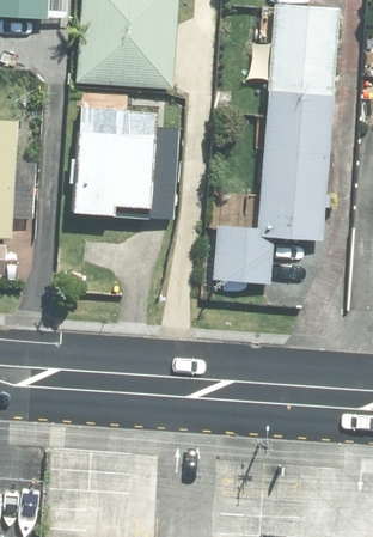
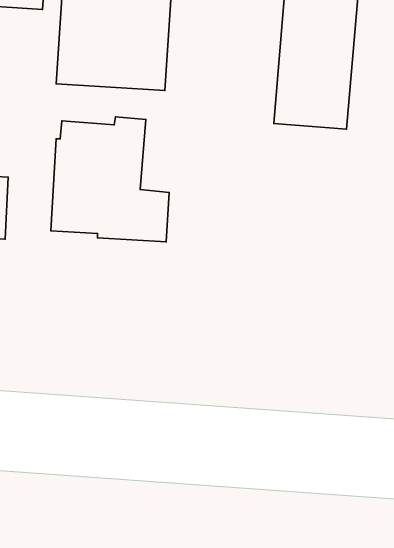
building: [213,117,330,285] -> none

